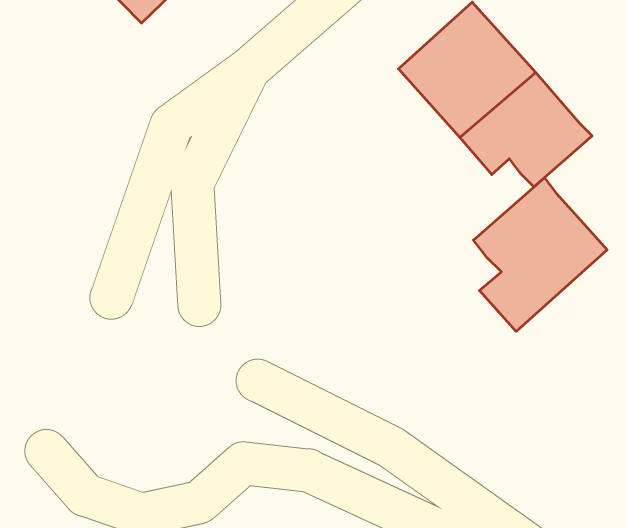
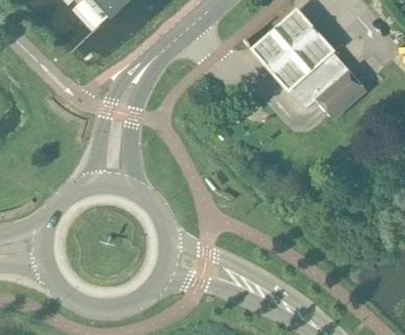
building: [473,178,607,331] -> none

